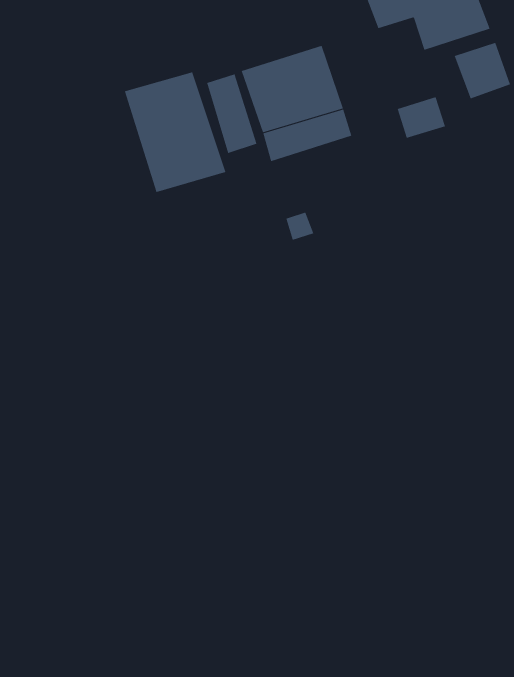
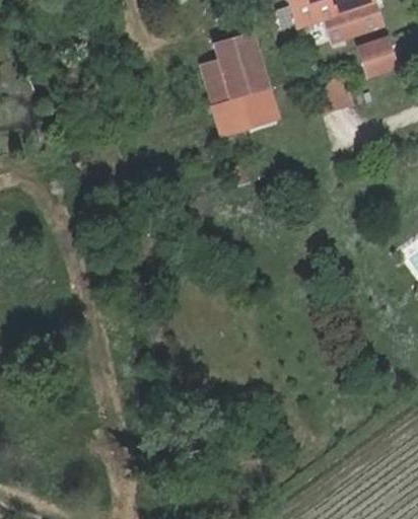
building: [124,72,226,193] -> none
building: [207,73,257,154] -> none

